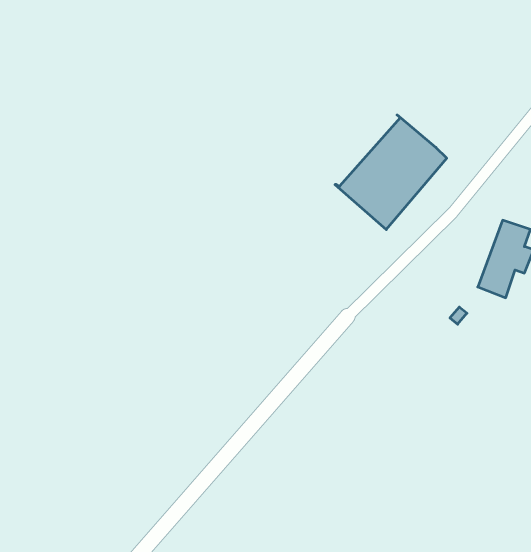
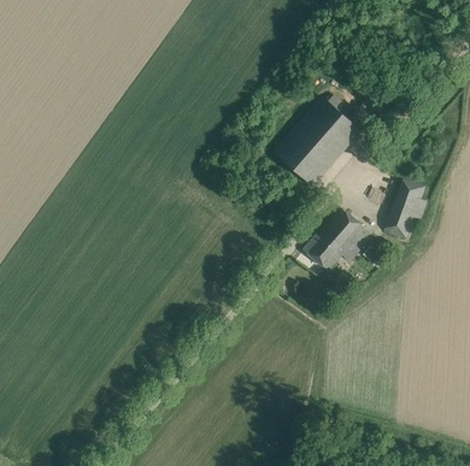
building: none -> [302,208,372,272]

